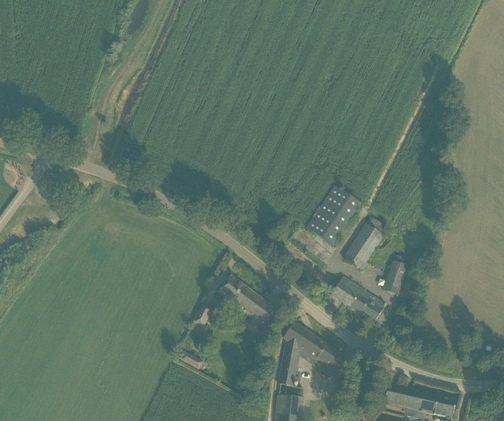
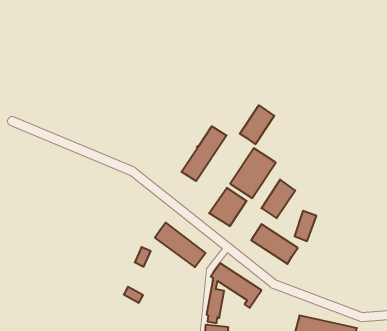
building: none -> [240,105,274,144]
building: none -> [181,126,227,181]
building: none -> [209,188,247,226]

